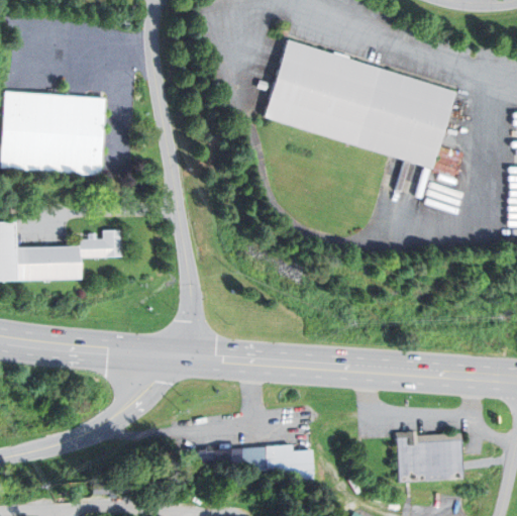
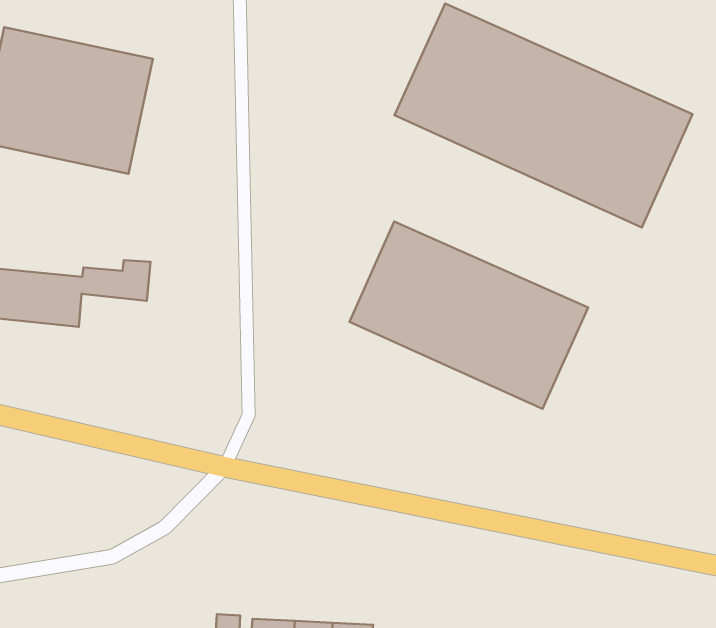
building: none -> [350,222,588,409]

